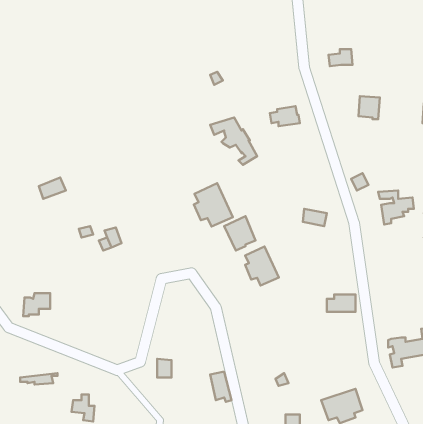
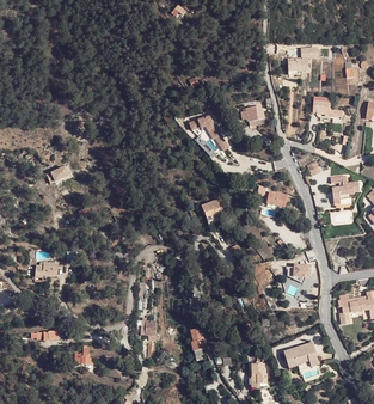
building: [194,183,233,227] -> none
building: [245,247,279,285] -> none

